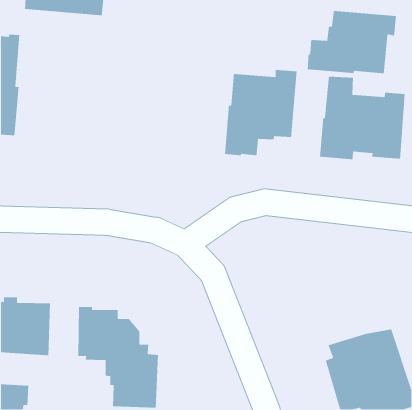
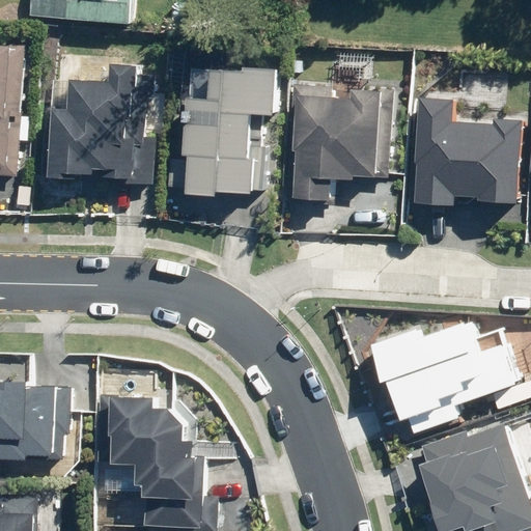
building: [307,10,397,74] -> none
building: none -> [49,64,138,180]
building: none -> [171,67,276,196]
building: none -> [369,320,520,426]

